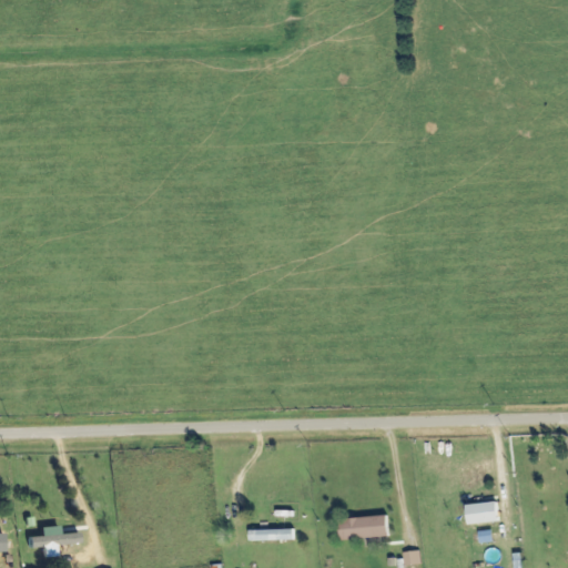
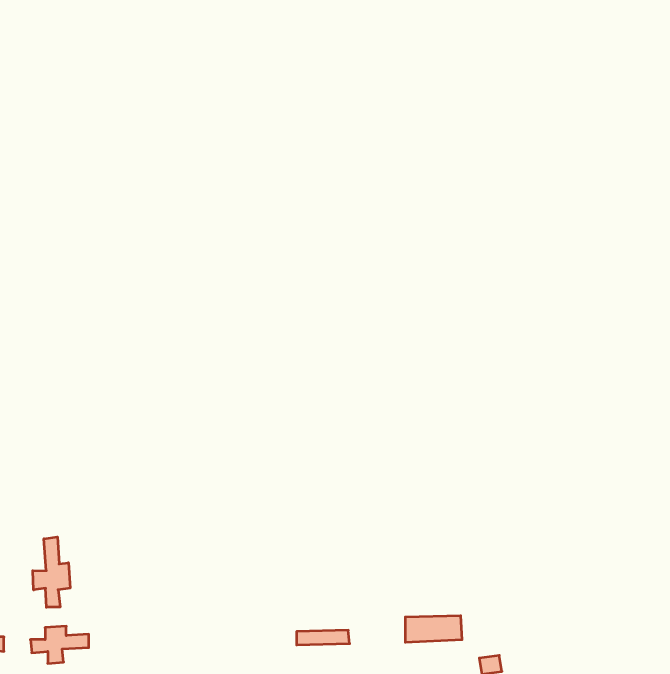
building: none -> [33,537,70,607]
building: [465,501,497,524] -> none

